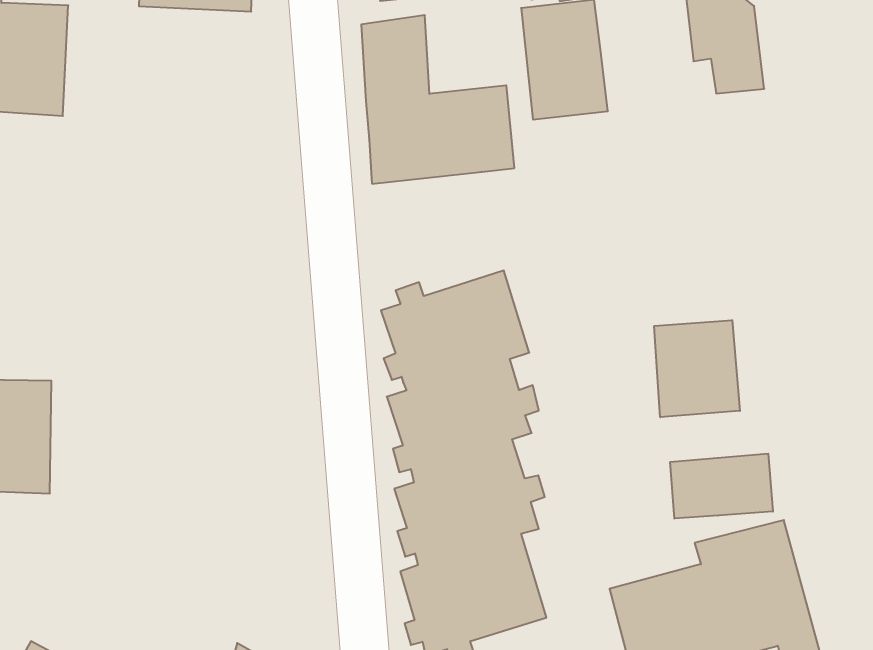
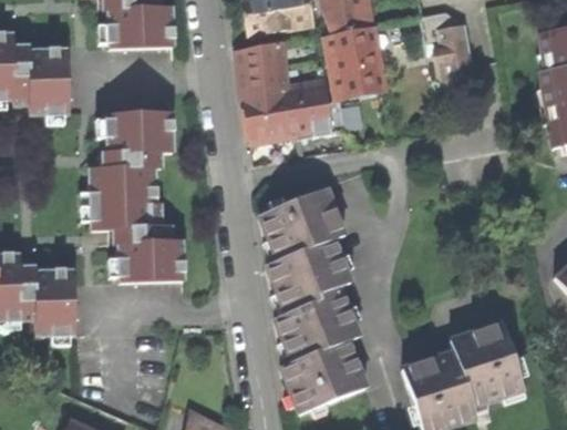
building: none -> [90,111,183,280]
building: [654,320,740,417] -> none
building: [670,454,773,519] -> none

